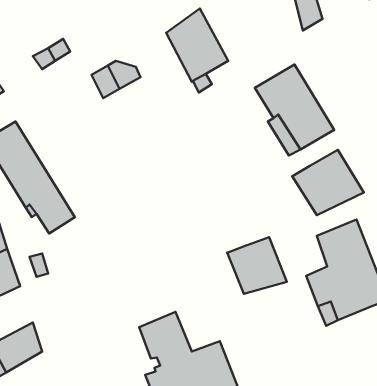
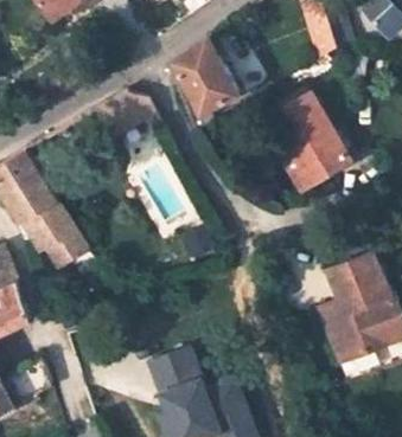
building: [292,150,364,215] -> none
building: [227,237,287,294] -> none

